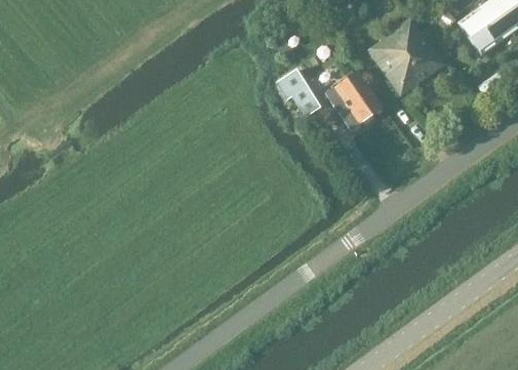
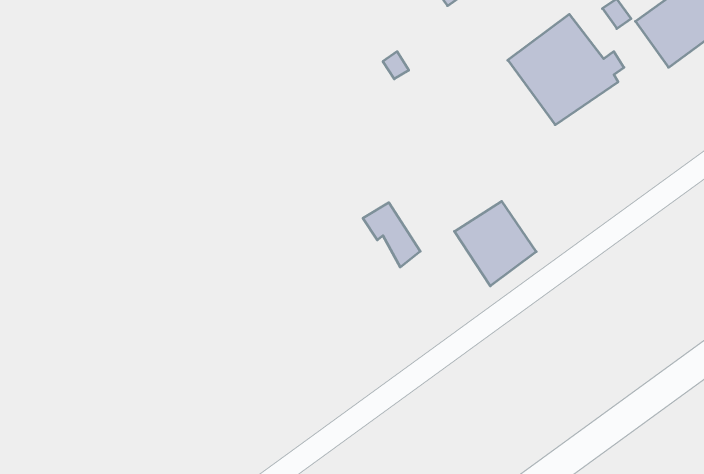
building: [278,70,319,116] -> [363,203,420,267]
building: [325,70,384,130] -> [454,201,536,286]

